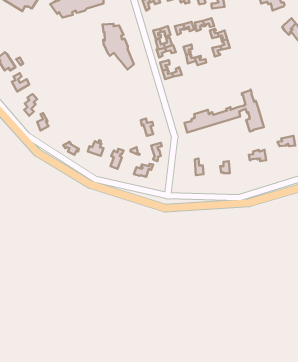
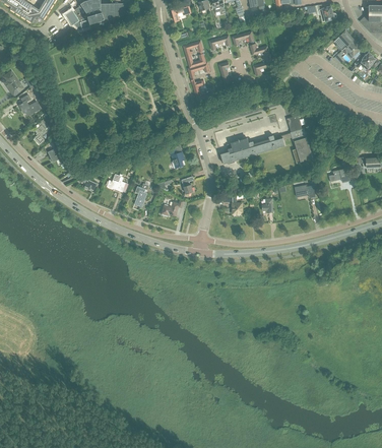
building: [102,24,134,70] -> none

